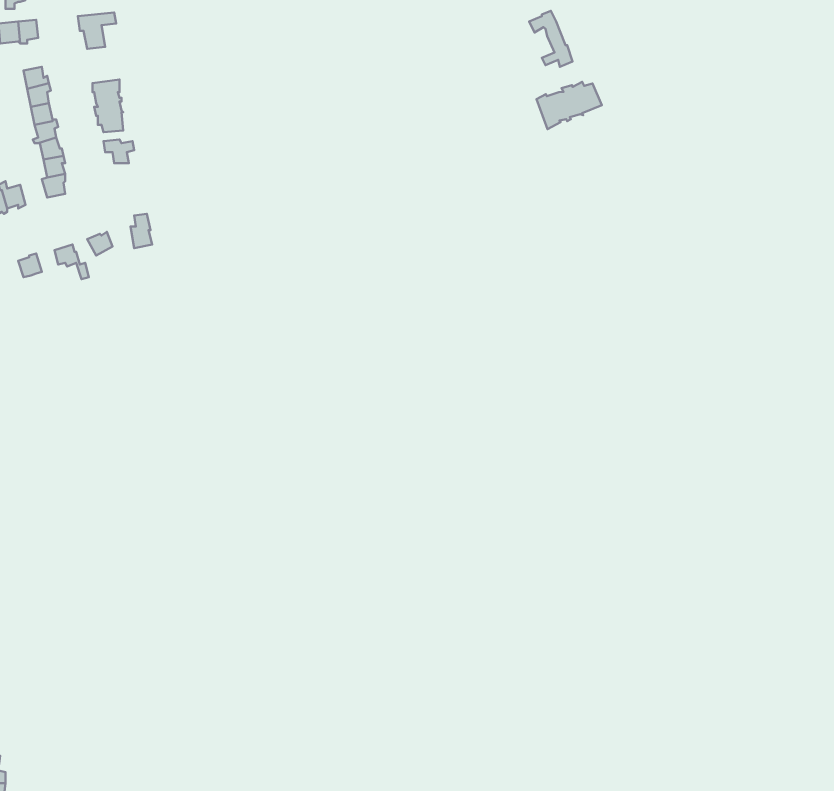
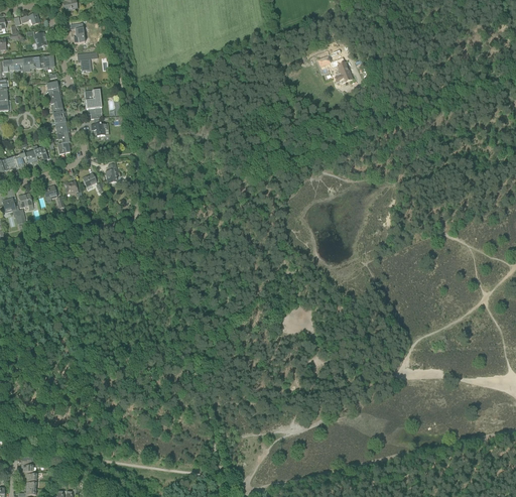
building: [536,82,602,129] -> none

